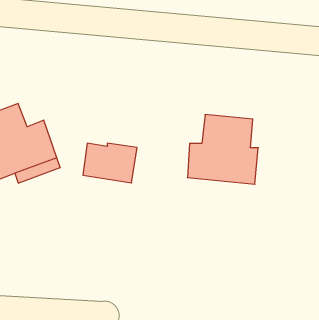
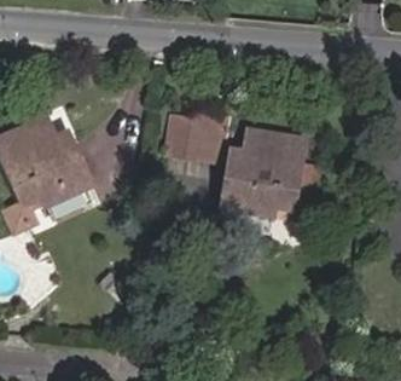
building: [83,143,137,183] -> [164,111,223,155]

